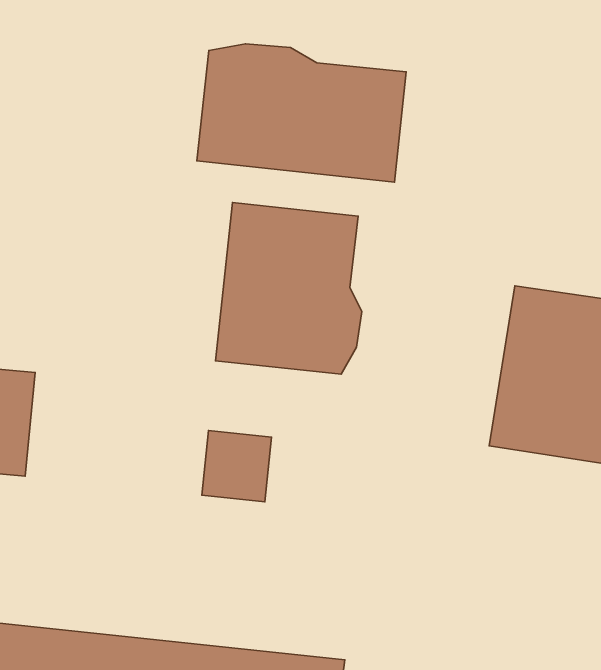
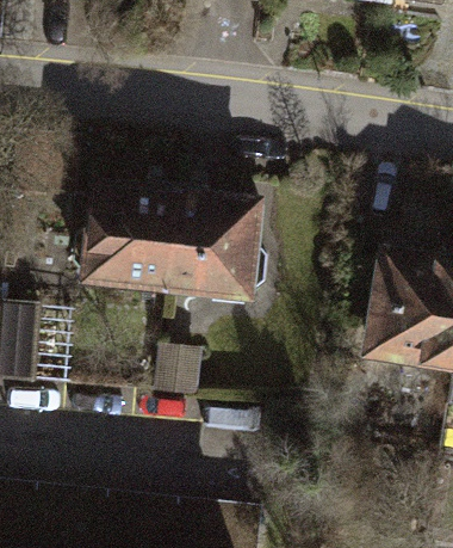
building: [197,44,406,182] -> none
building: none -> [72,174,180,295]

